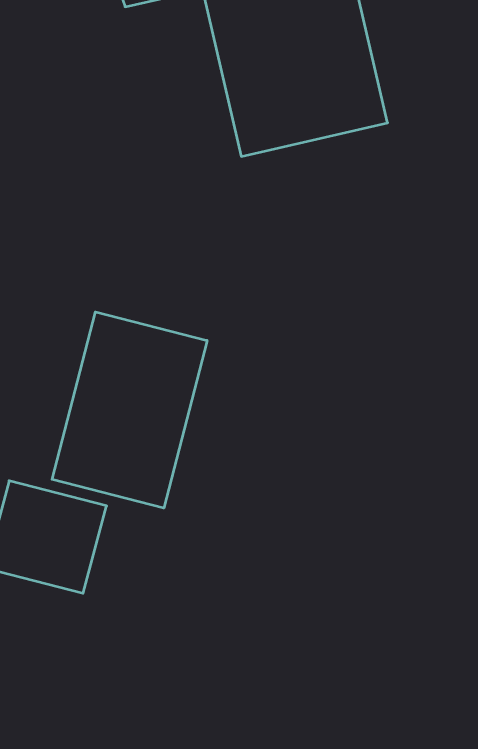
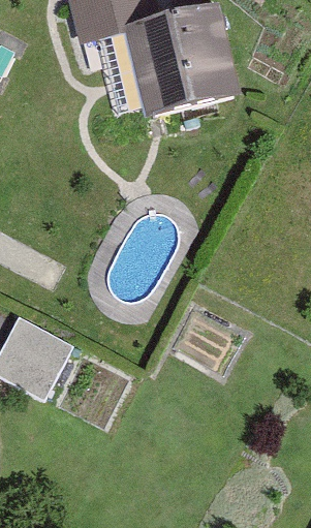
building: [52,312,207,508] -> none

